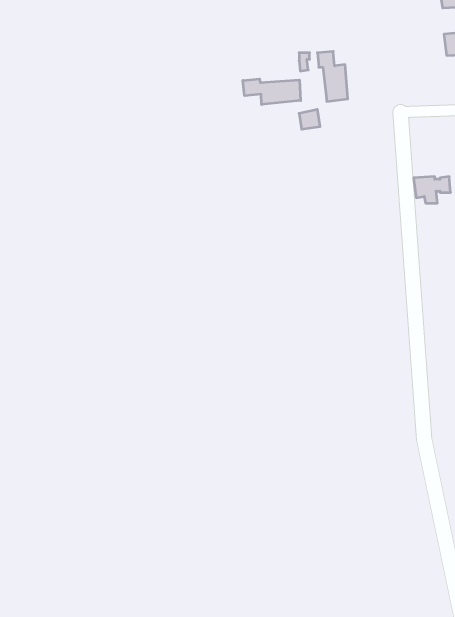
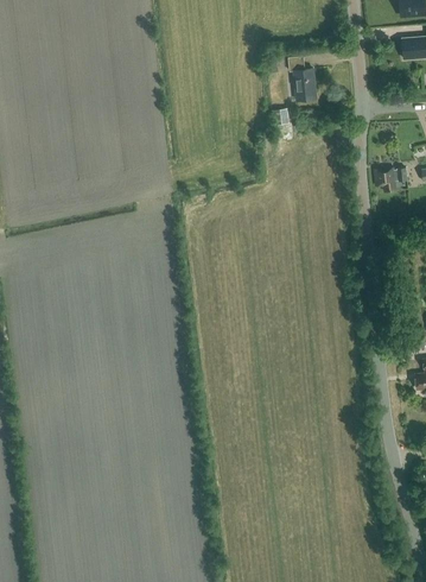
building: [243,79,301,105] -> none

